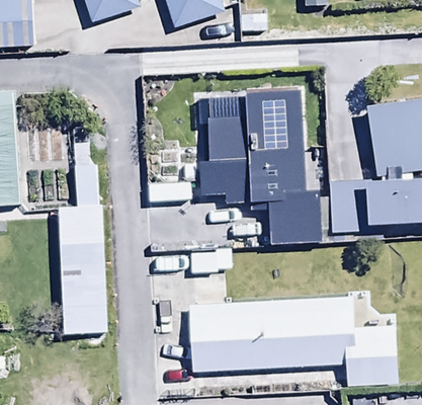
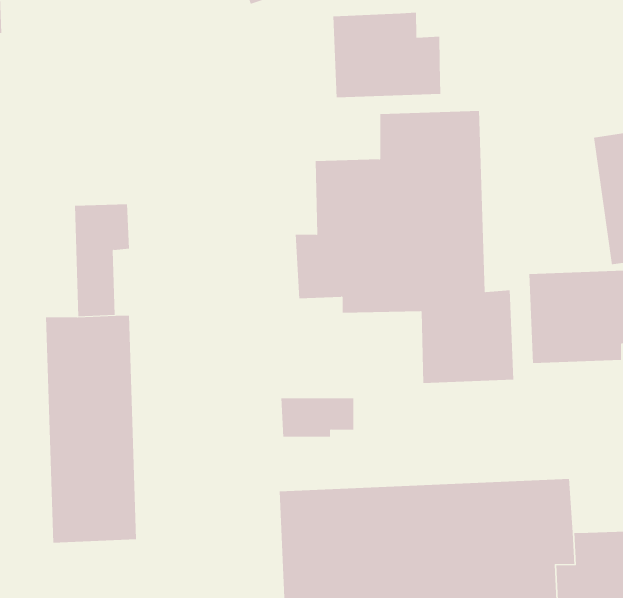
building: none -> [333,12,441,98]

